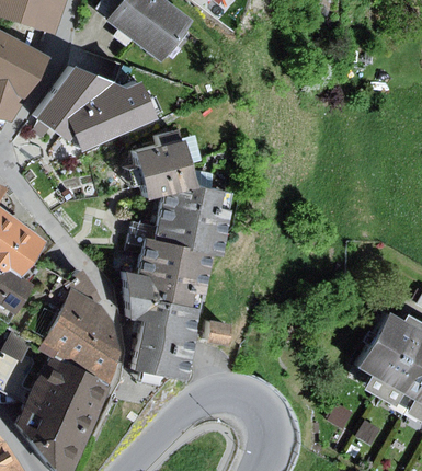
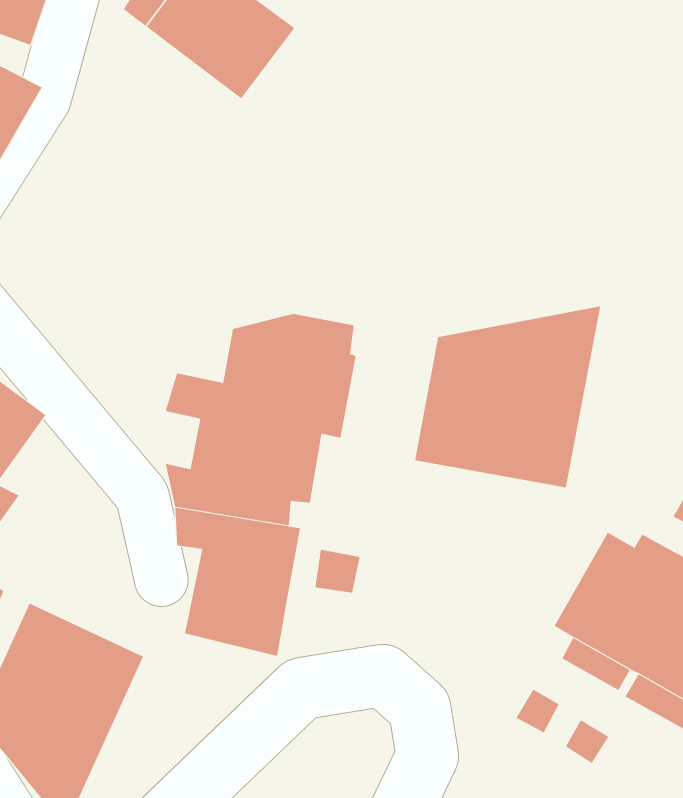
building: [34,67,153,151] -> none
building: [135,131,196,199] -> none
building: none -> [415,305,601,488]
building: [36,283,121,382] -> none

